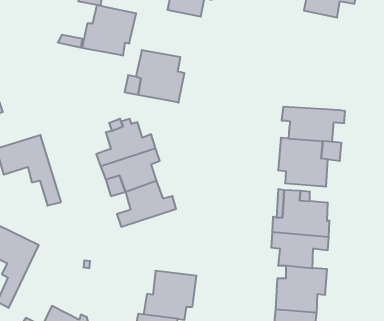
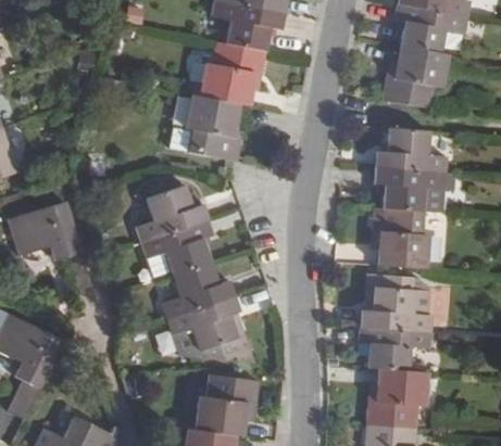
building: [82,5,136,55] -> [200,41,268,105]
building: none -> [378,44,449,107]
building: none -> [373,126,444,170]
building: none -> [167,295,254,360]

